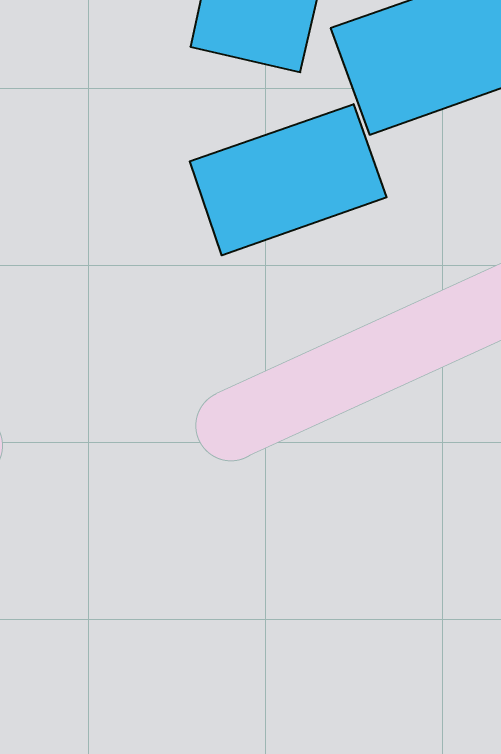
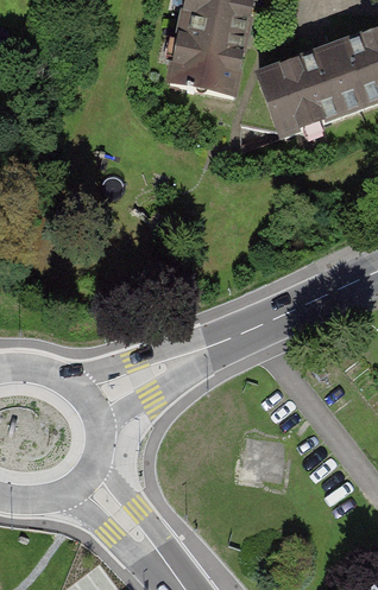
building: [190,104,387,255] -> none

